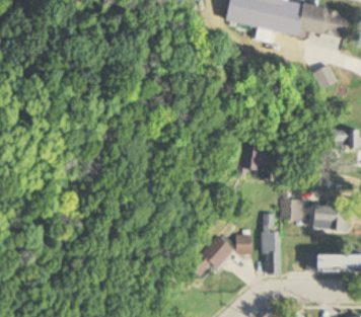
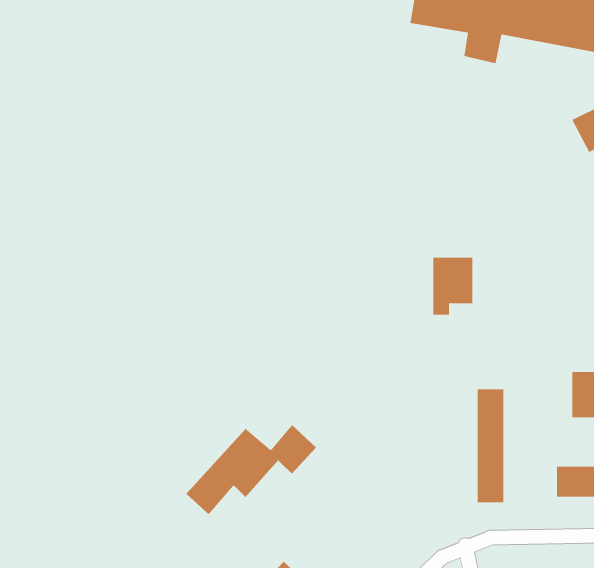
building: [279,190,303,220] -> none
building: [187,231,256,279] -> [186,424,317,515]

